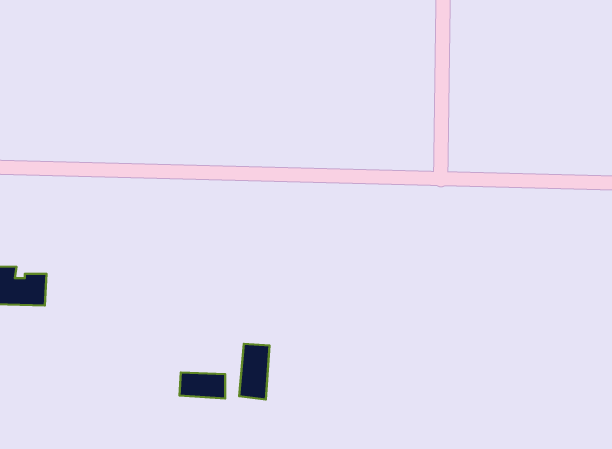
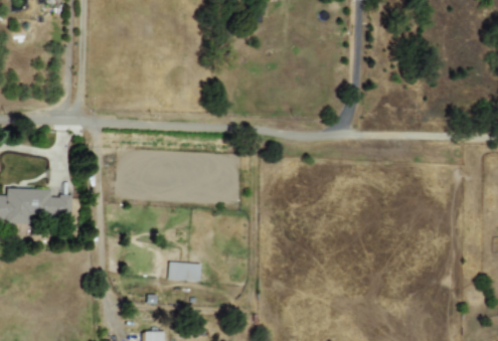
building: [239,344,269,400] -> none

